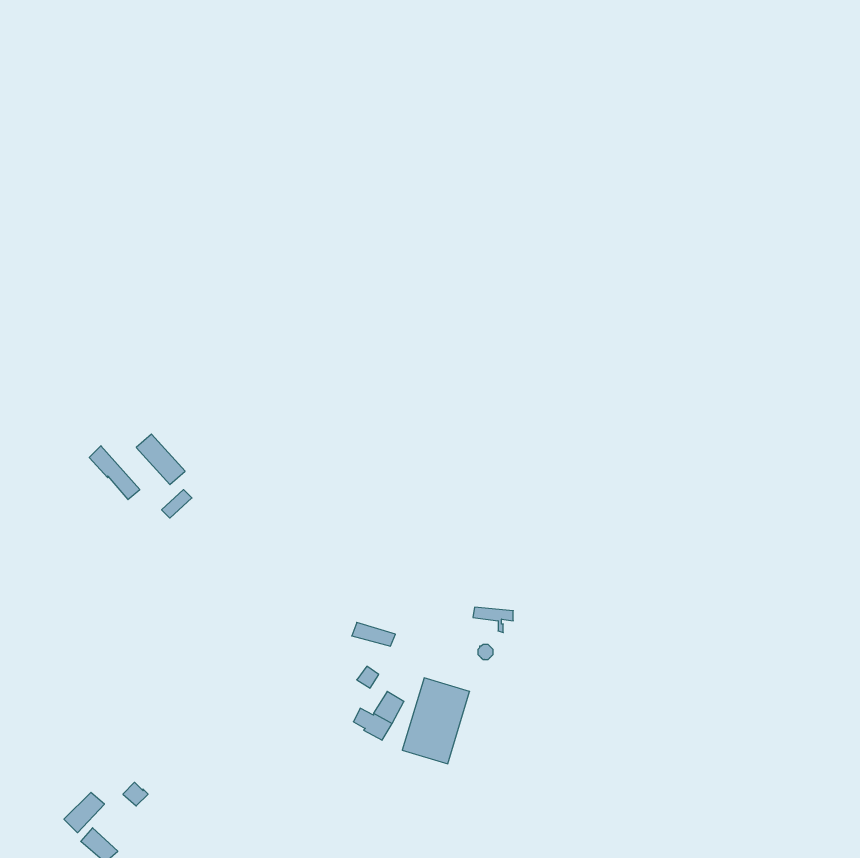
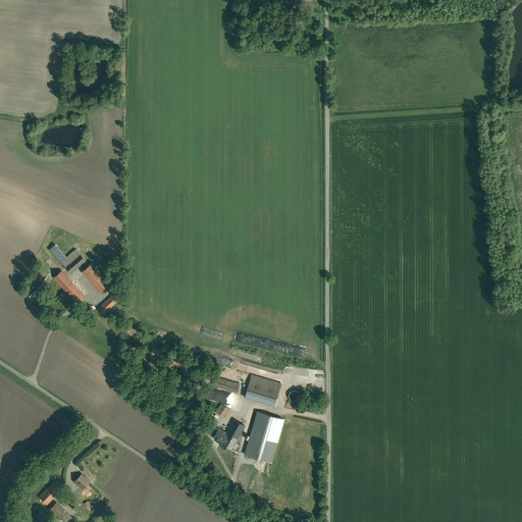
building: none -> [50,246,86,274]
building: none -> [245,376,280,407]

